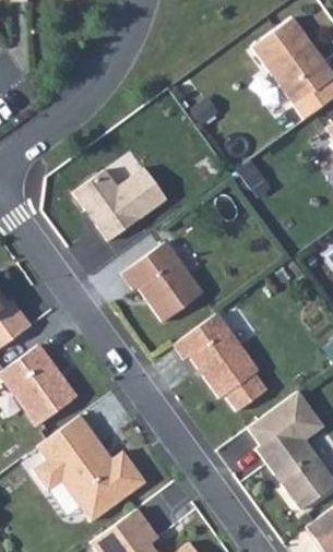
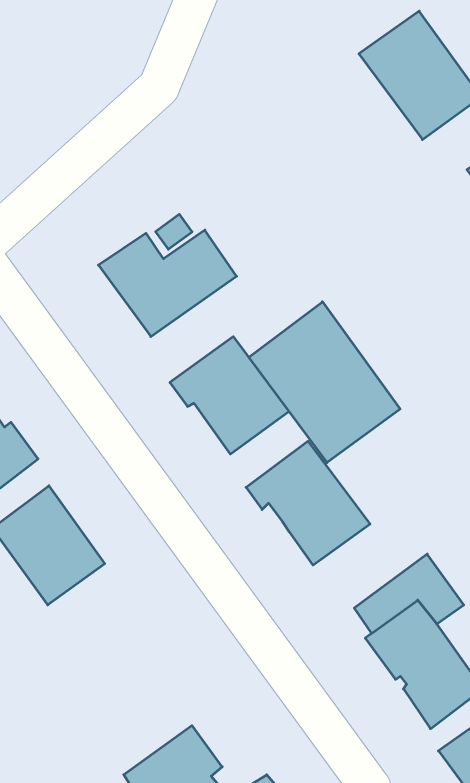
building: none -> [249,302,400,463]
building: [34,415,146,520] -> none

